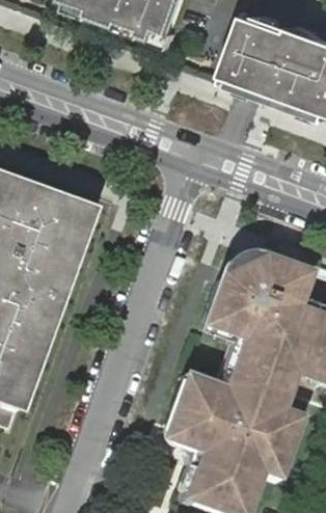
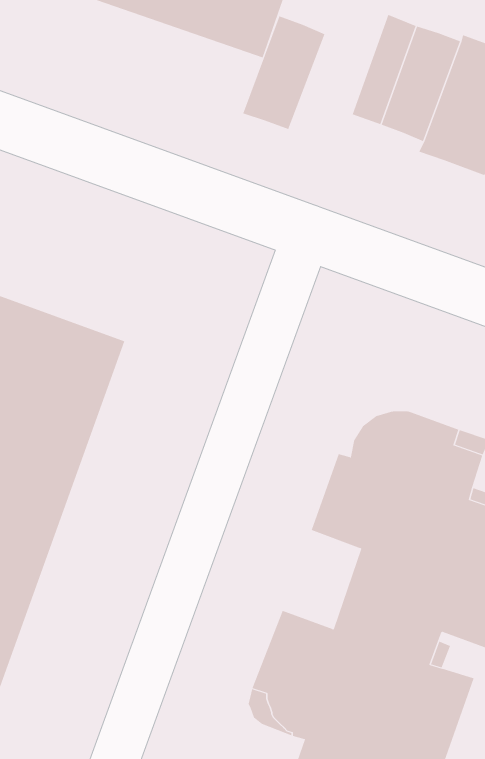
building: none -> [243,16,325,130]

